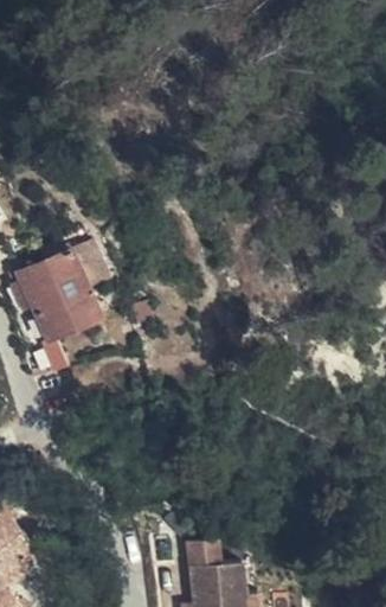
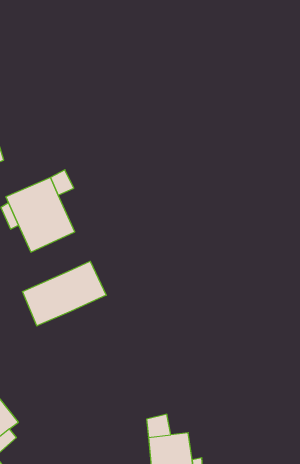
building: none -> [23,261,106,326]

